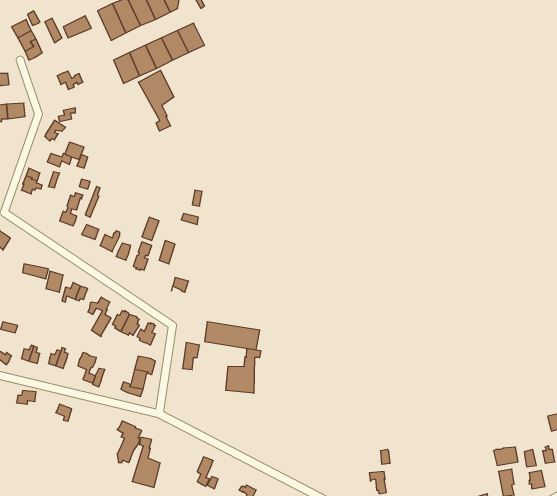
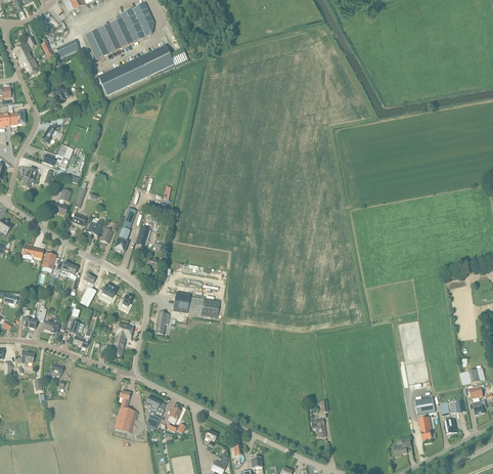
building: [138,70,174,131] -> none
building: [226,349,261,393] -> none
building: [117,421,142,463] -> [145,395,166,430]

